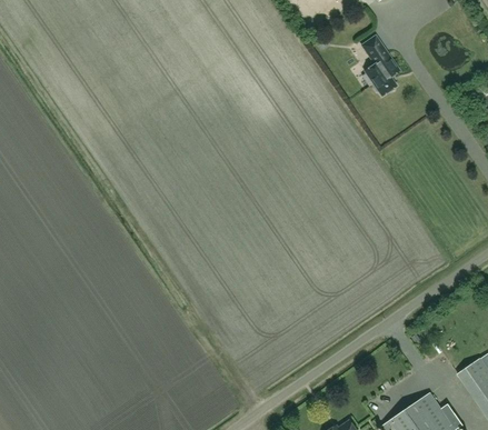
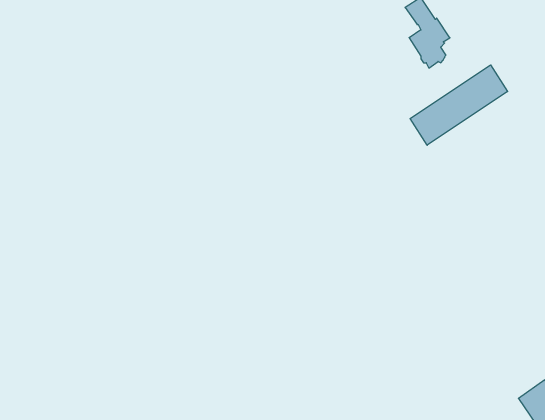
building: none -> [410,65,508,145]

